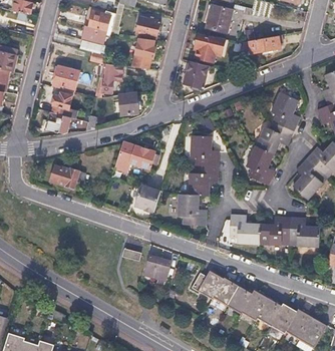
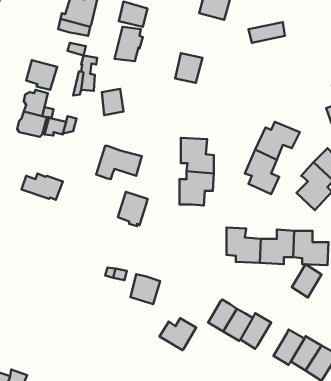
building: [193,33,224,62] -> none
building: [269,91,299,130] -> none
building: [177,193,205,224] -> none
building: [192,270,224,298] -> [160,318,196,350]
building: [256,297,282,326] -> [292,264,322,297]

